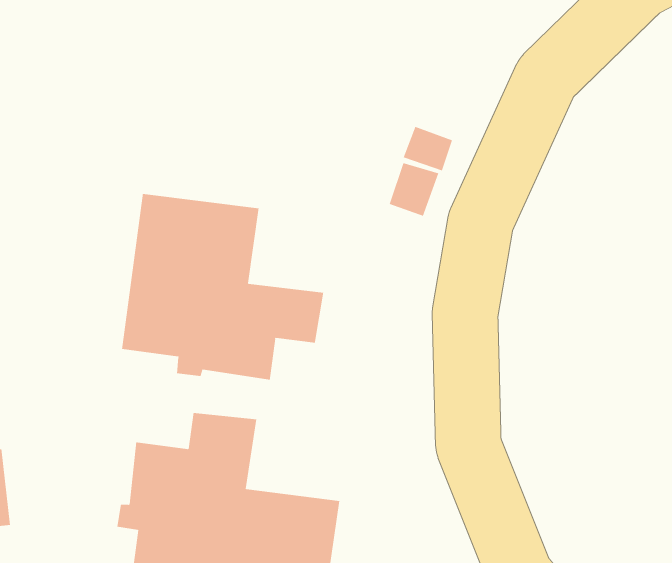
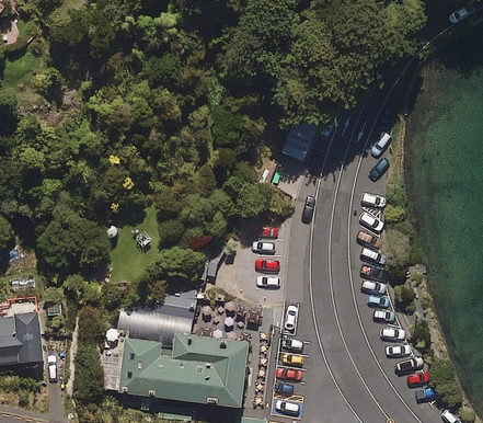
building: [122,193,324,380] -> none

